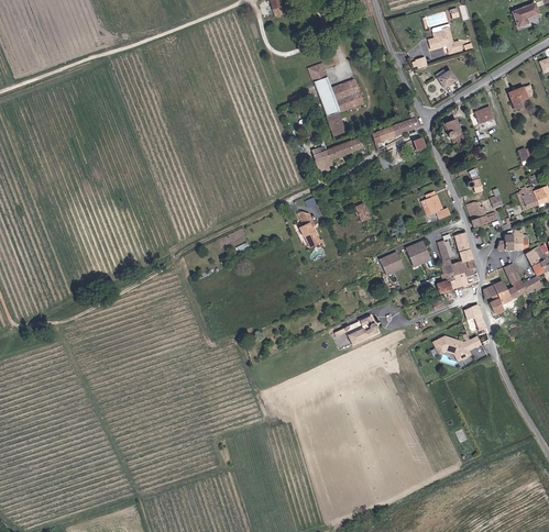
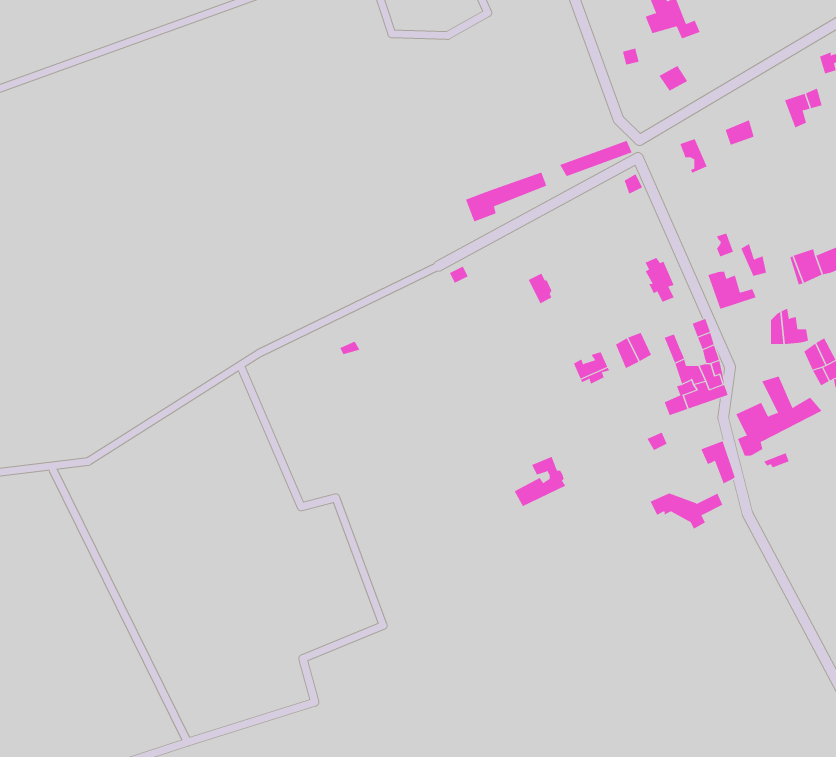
building: [309,65,363,134] -> none
building: [295,211,321,247] -> none

